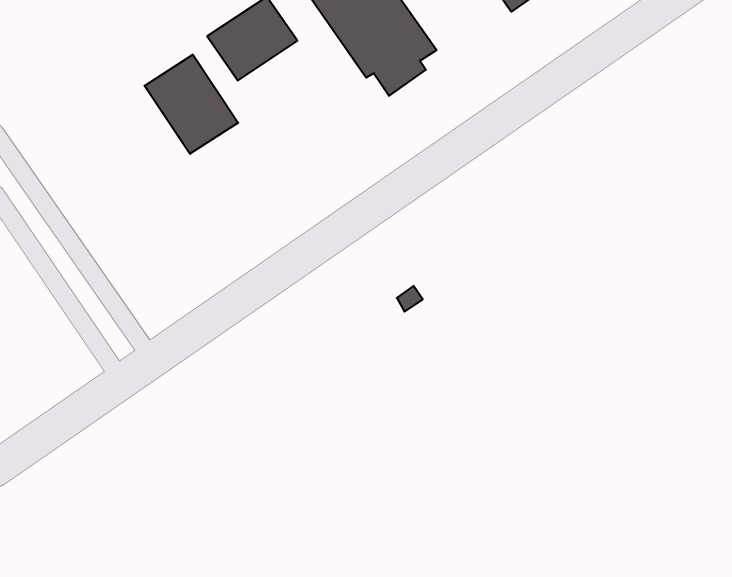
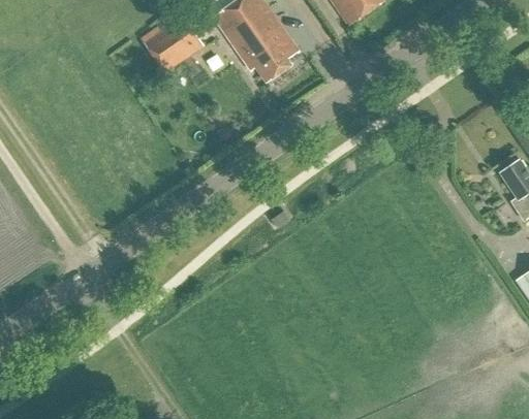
building: [144,55,238,154] -> none

